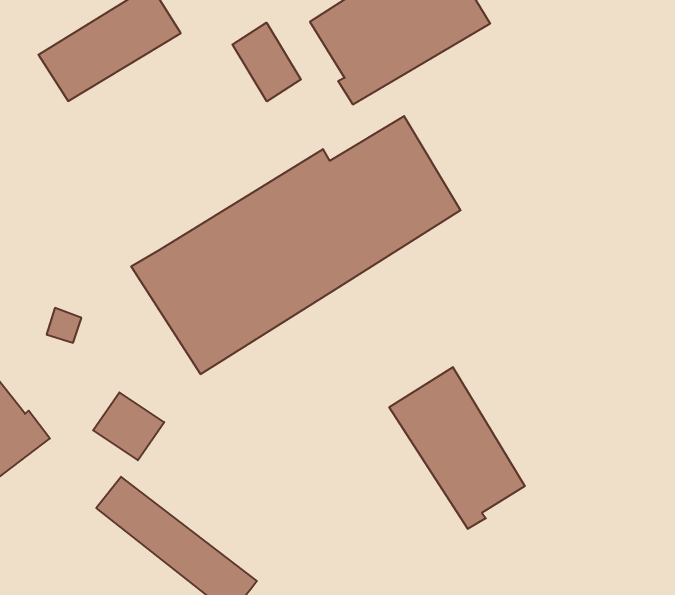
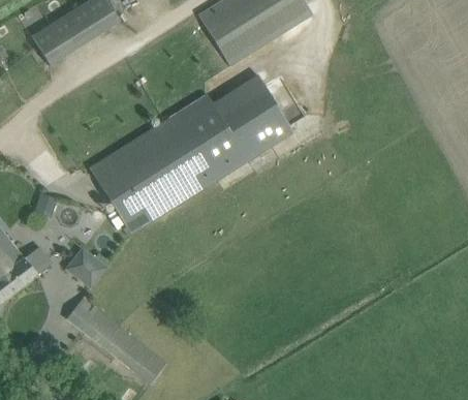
building: [232,23,301,101] -> none
building: [389,367,525,529] -> none

